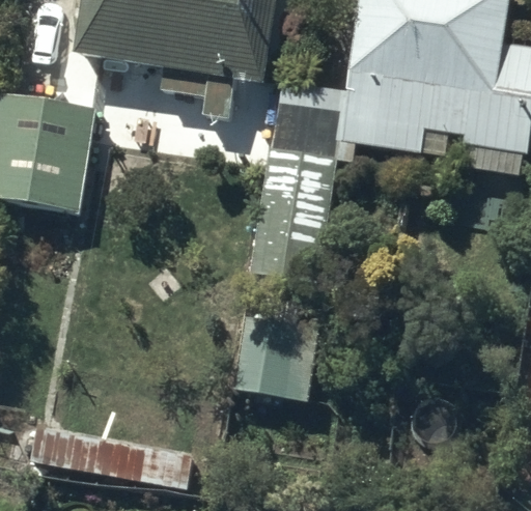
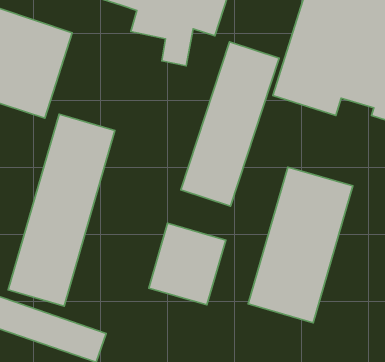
building: none -> [8,114,115,306]
building: none -> [248,167,353,323]

